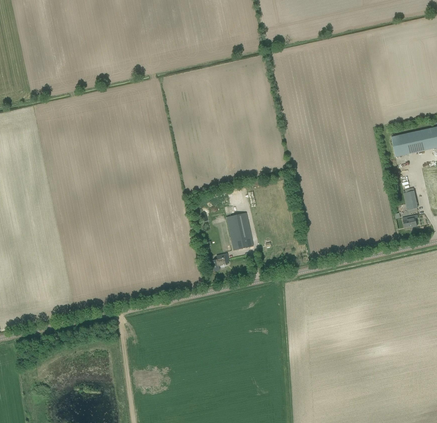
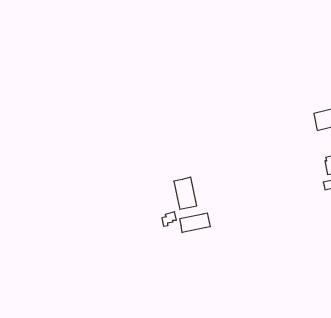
building: none -> [180,213,210,233]

